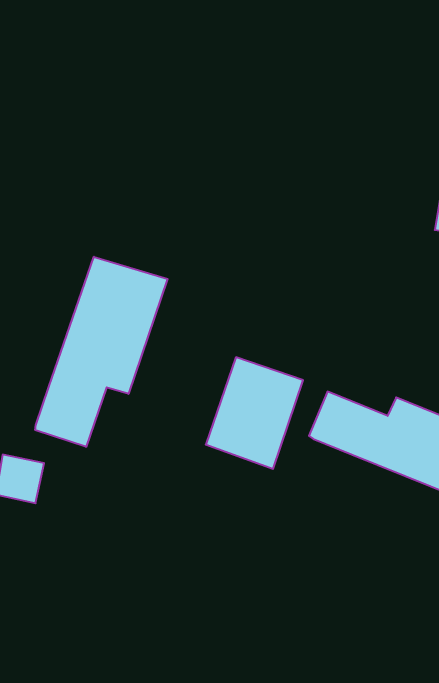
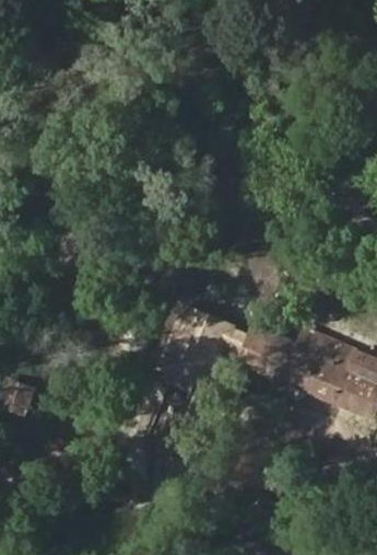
building: [35,257,168,447] -> none

